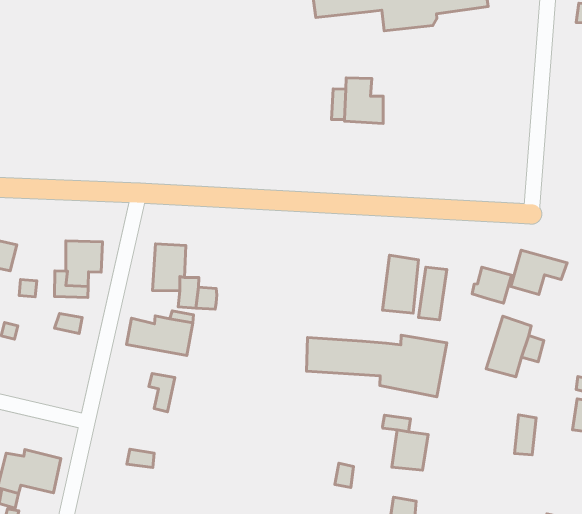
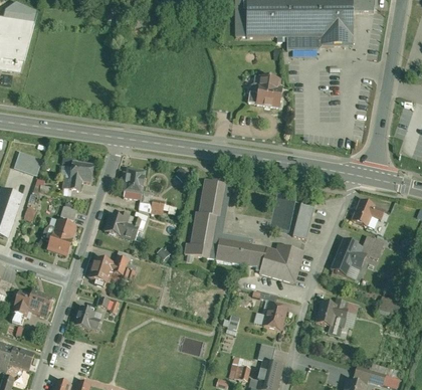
building: none -> [183,179,253,258]
building: [472,267,512,303] -> [358,235,384,259]
building: none -> [47,217,77,255]
building: none -> [87,255,113,281]
building: none -> [316,299,346,336]
building: none -> [73,305,100,330]

